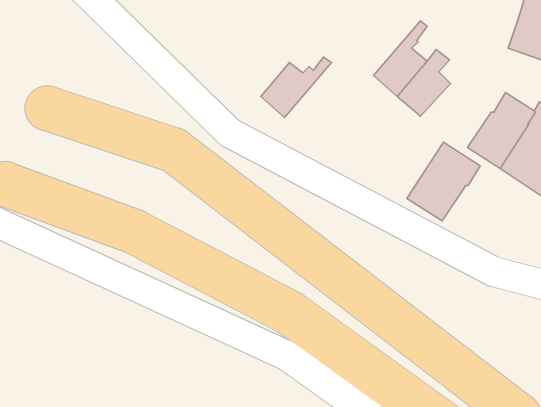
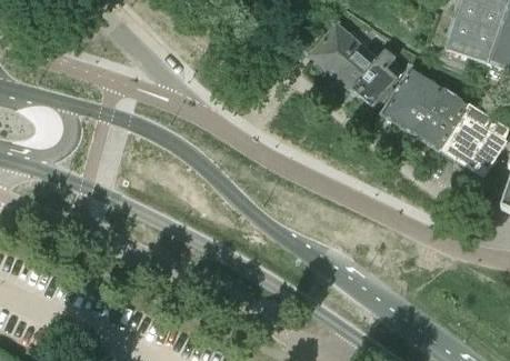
building: [261,57,331,117] -> [310,21,370,72]
building: [407,142,480,221] -> [380,67,442,133]

